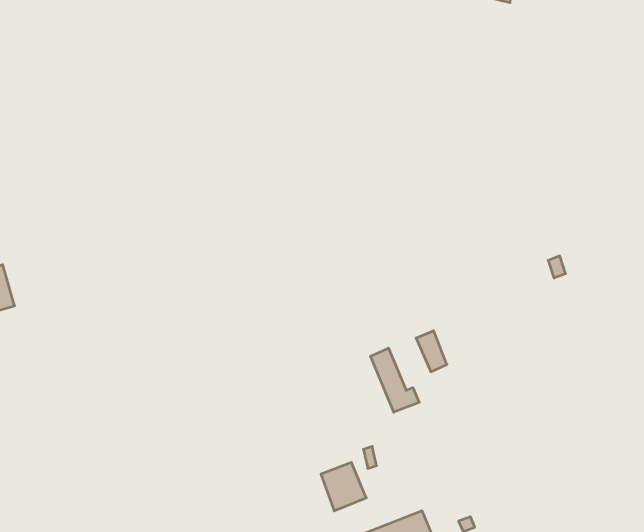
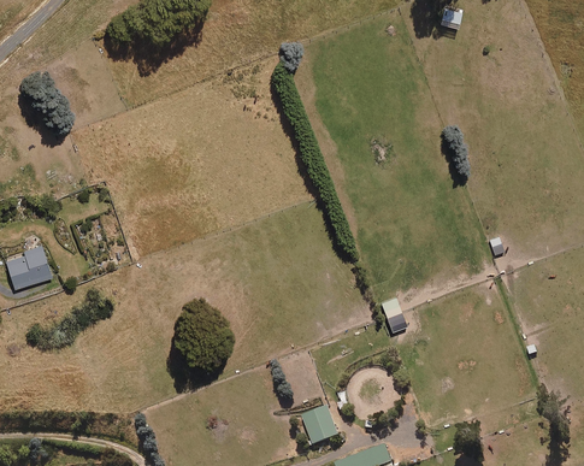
building: [370,348,419,412] -> none

